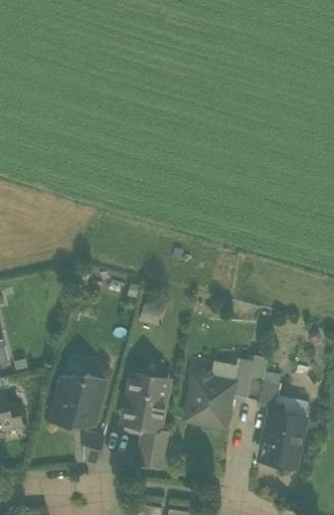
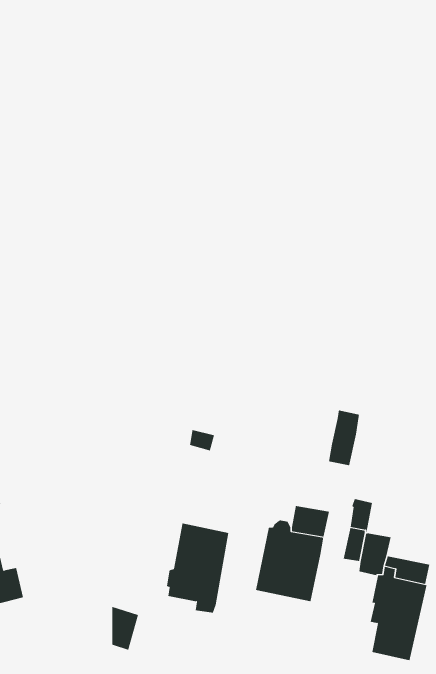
building: [231,359,254,398] -> [328,410,360,466]
building: [50,375,107,427] -> none
building: [137,431,169,469] -> none

